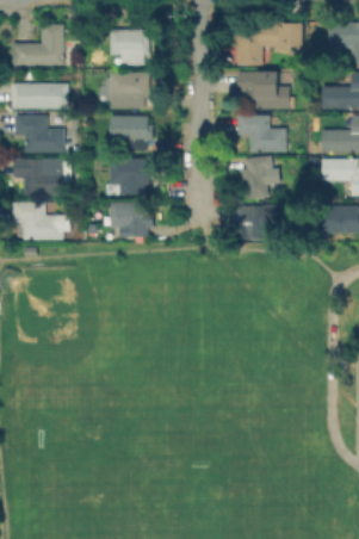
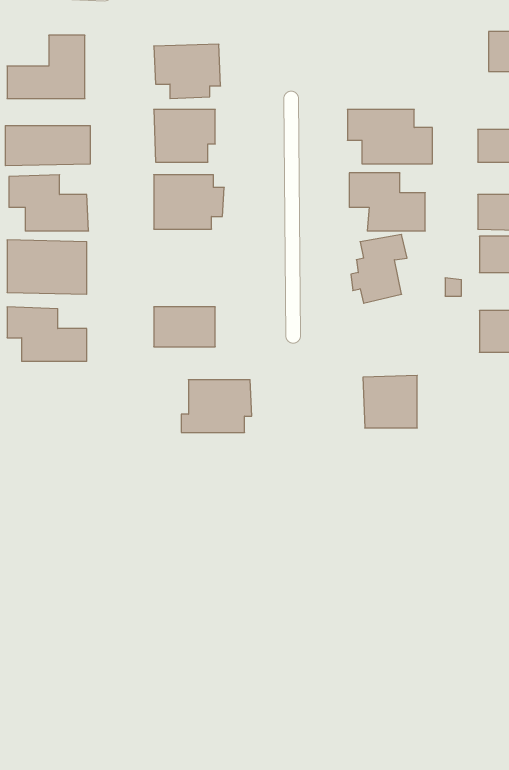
building: [235,18,295,64] -> none
building: [105,161,151,196] -> [181,380,252,432]
building: [235,204,271,238] -> [363,375,417,428]

